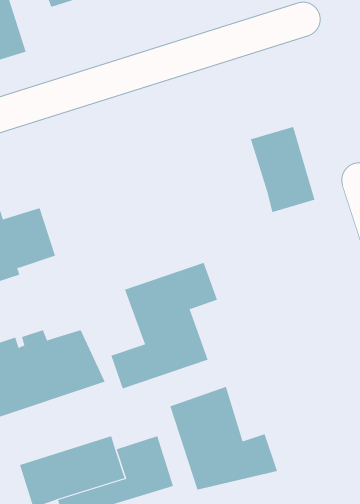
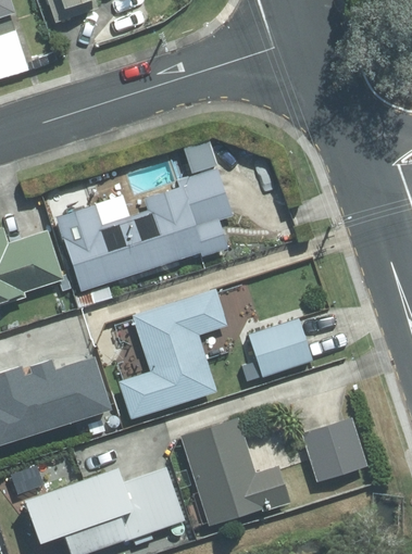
building: [250,126,315,213] -> none
building: none -> [53,166,236,293]
building: none -> [245,315,316,377]
building: none -> [301,417,367,484]

